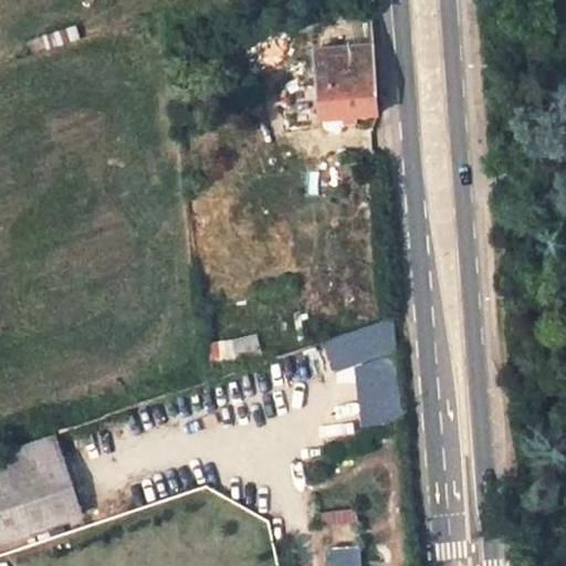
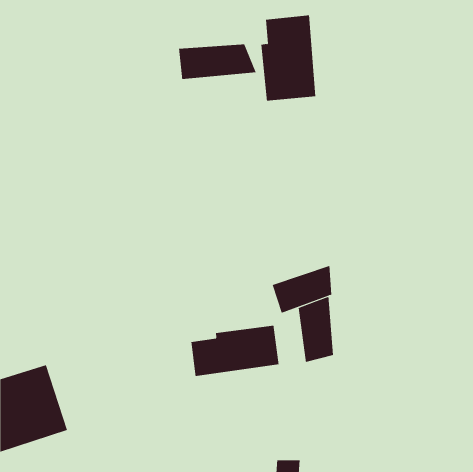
building: none -> [179,44,257,80]
building: none -> [191,325,279,377]

